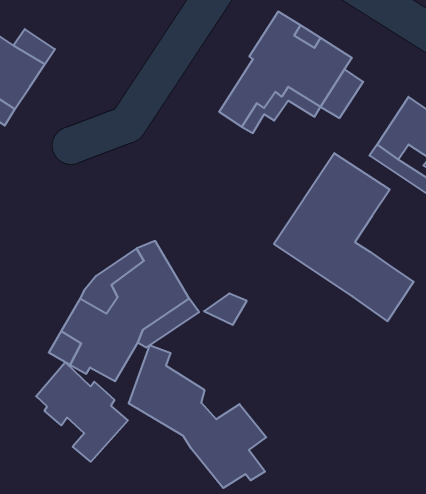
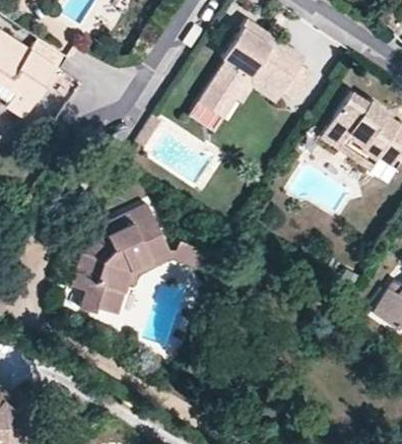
building: [274,153,414,321] -> none
building: [129,345,266,488] -> none
building: [36,362,128,462] -> none

